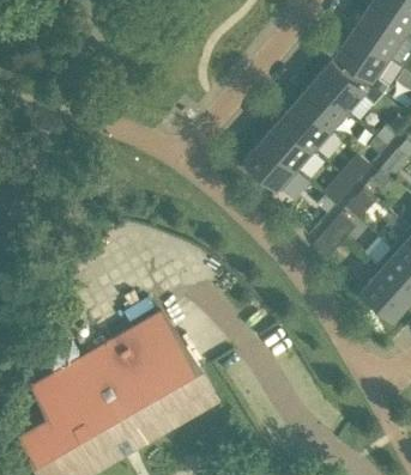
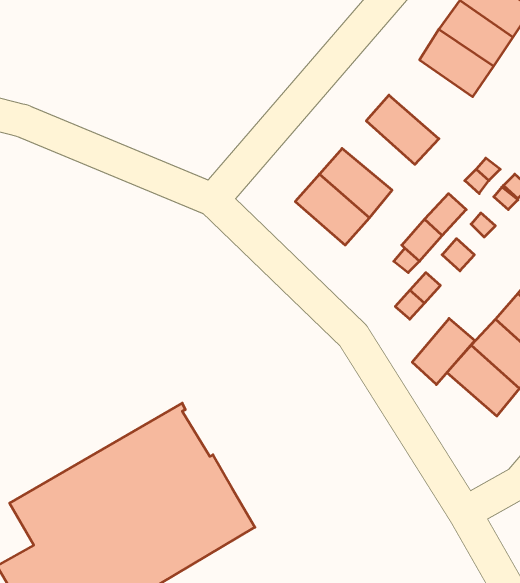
building: [313,62,367,115] -> none
building: [278,102,332,153] -> none
building: none -> [412,318,475,385]

